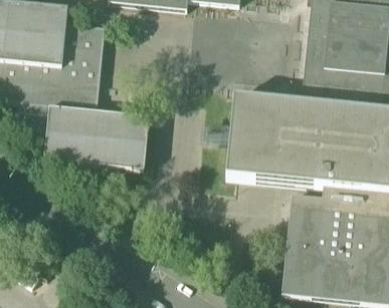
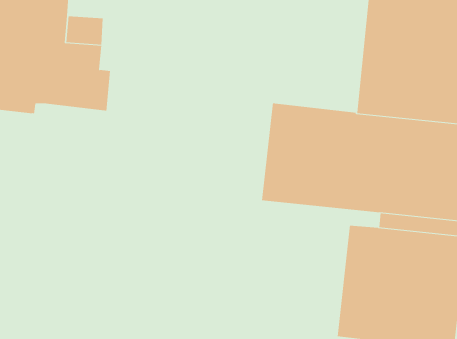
building: [15,95,149,181] -> none

